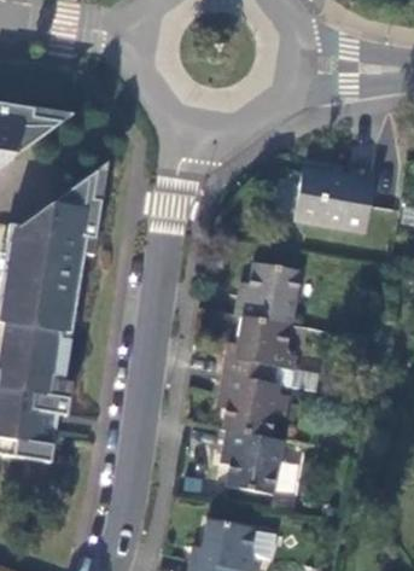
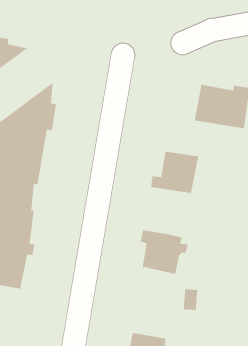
building: [223,317,296,381] -> none
building: [225,430,284,495] -> none

